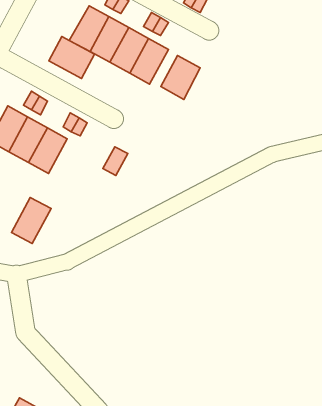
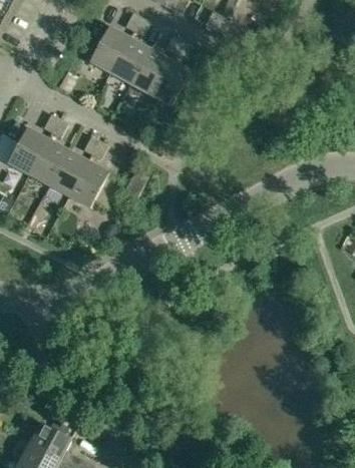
building: [49,36,94,78] -> none
building: [161,56,200,100] -> none
building: [11,198,51,243] -> [68,160,108,206]

